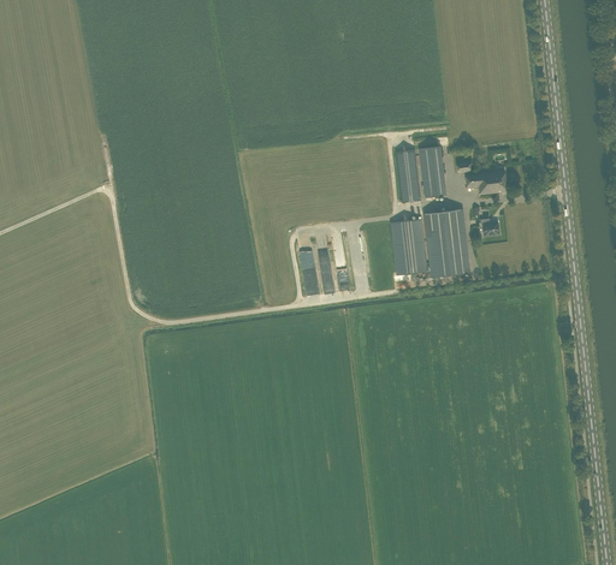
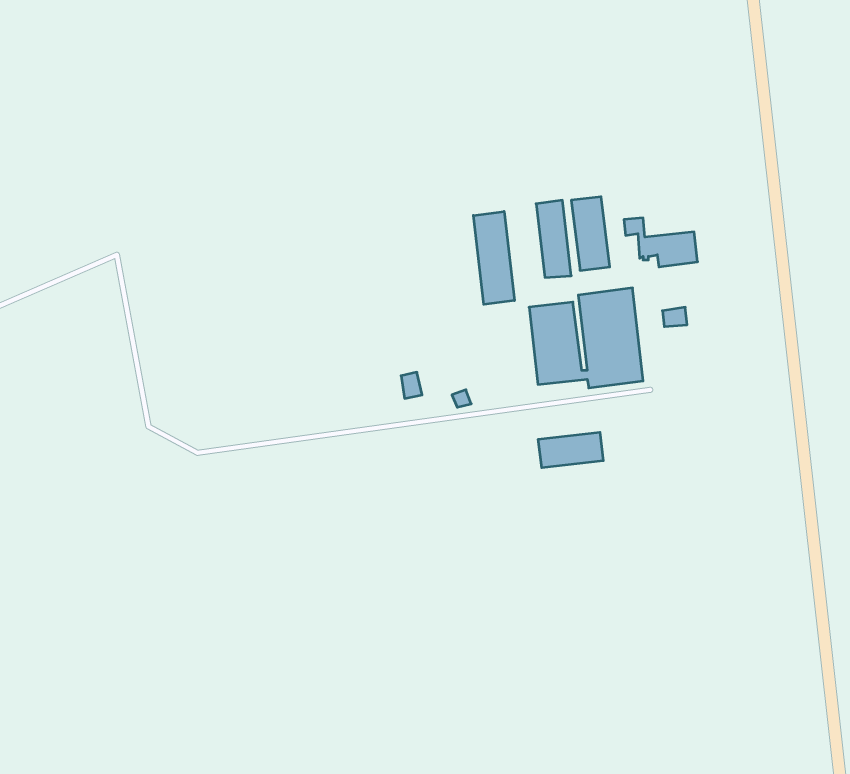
building: none -> [473,211,514,304]
building: none -> [538,432,603,468]

